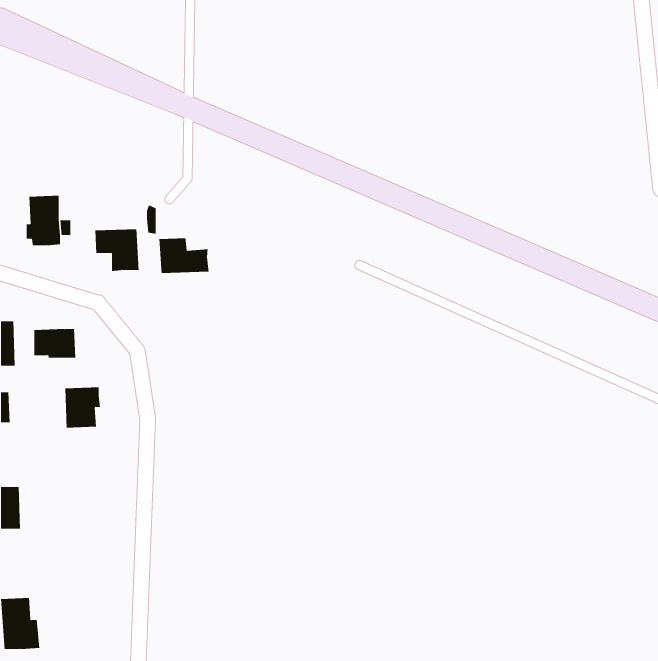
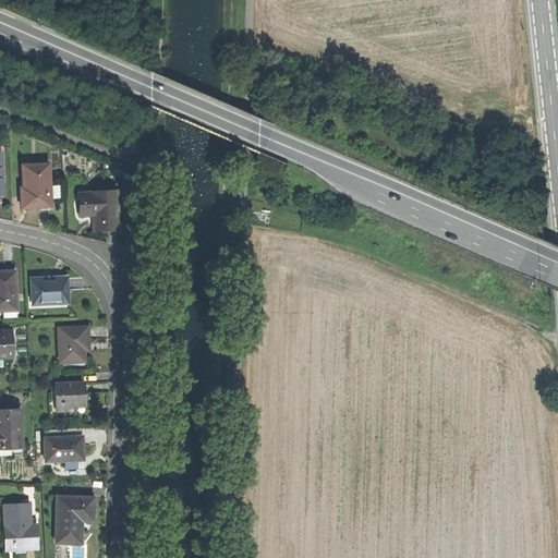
building: [159,237,209,274] -> none
building: none -> [52,381,83,410]
building: none -> [43,435,81,460]
building: none -> [56,495,93,539]

